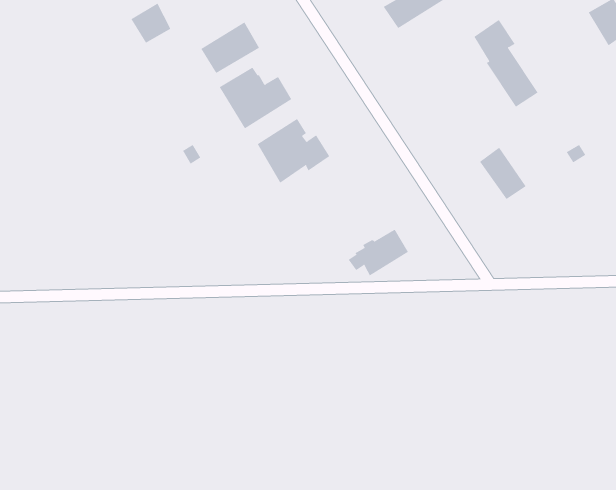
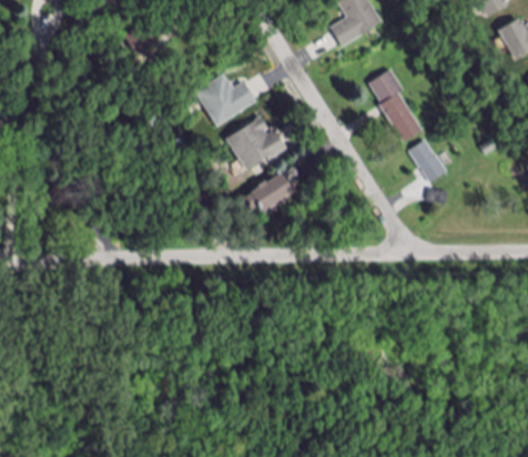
building: [474,19,539,108] -> [369,72,423,144]
building: [200,22,260,74] -> none
building: [348,229,409,276] -> [244,169,294,207]

